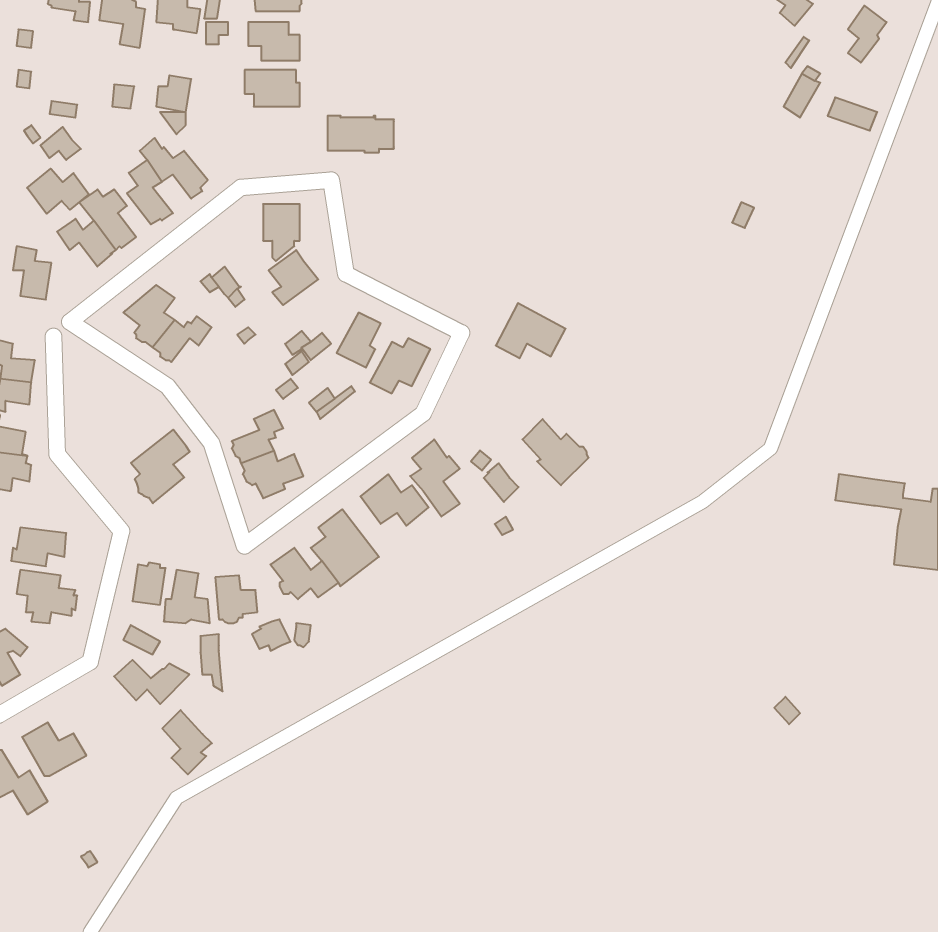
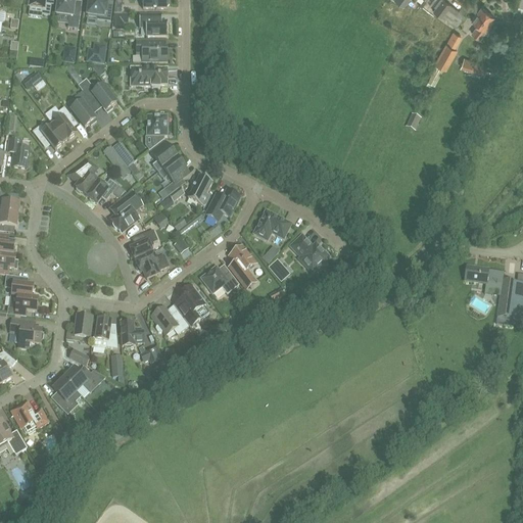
building: [328,116,394,152] -> [130,64,167,85]
building: [27,169,89,214] -> none
building: none -> [157,155,189,182]
building: [496,303,566,358] -> [252,207,291,238]
building: [131,430,190,503] -> [108,190,141,231]
building: none -> [4,273,37,296]
building: [162,710,212,774] -> [53,376,81,412]

